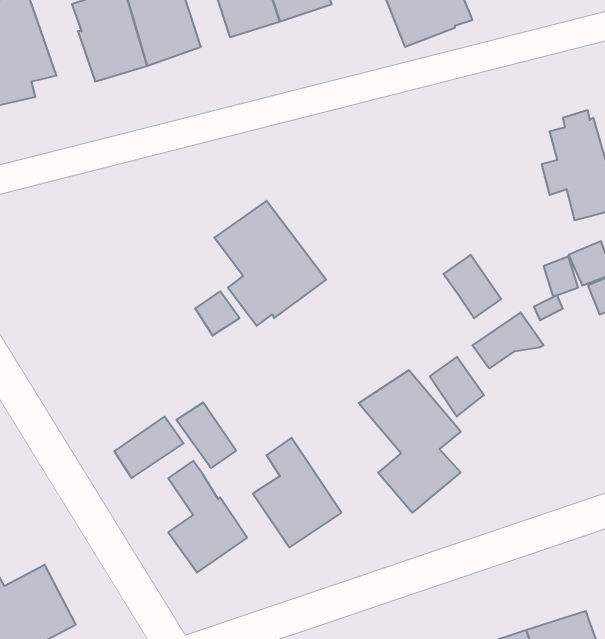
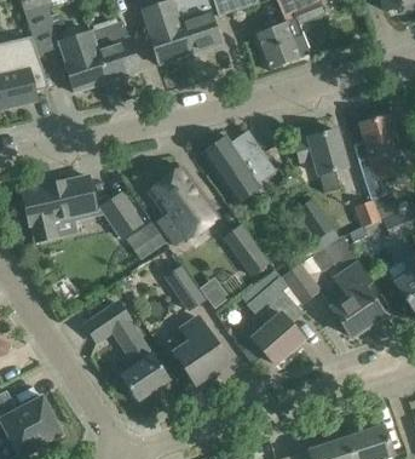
building: none -> [294,130,346,193]
building: none -> [201,131,276,205]
building: none -> [24,177,94,240]
building: none -> [100,194,140,236]
building: none -> [220,220,264,271]
building: none -> [332,263,384,337]
building: [176,403,236,468] -> [166,268,203,309]

